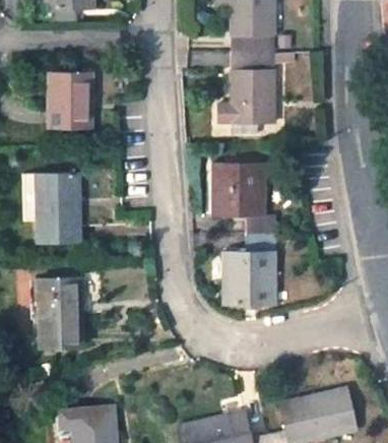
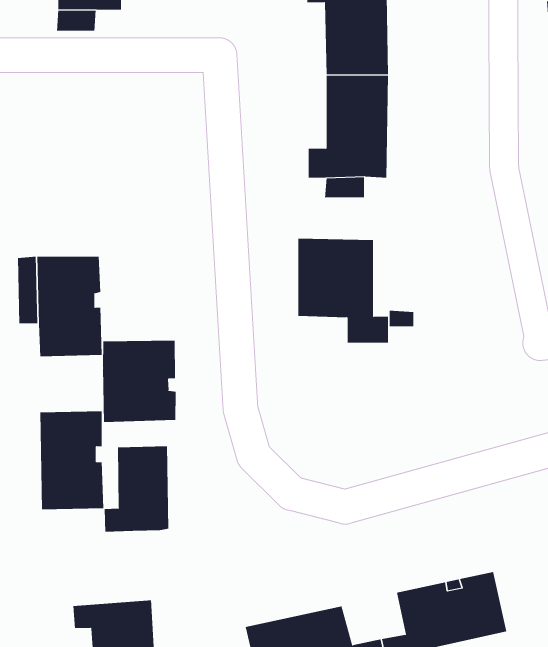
building: [49,73,93,128] -> none
building: none -> [103,340,176,423]
building: [223,233,275,304] -> none
building: none -> [104,445,169,532]

